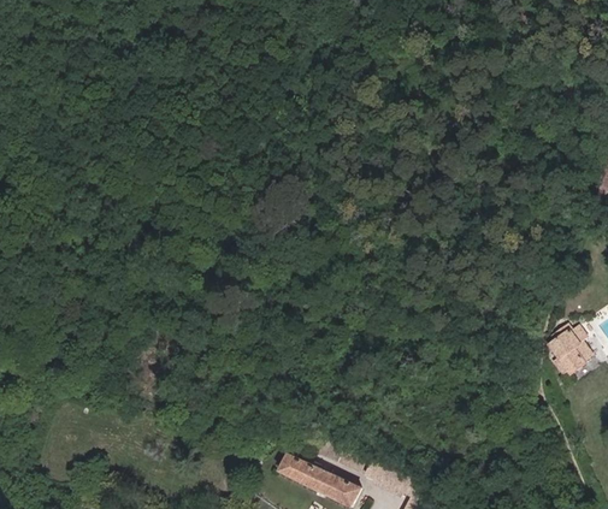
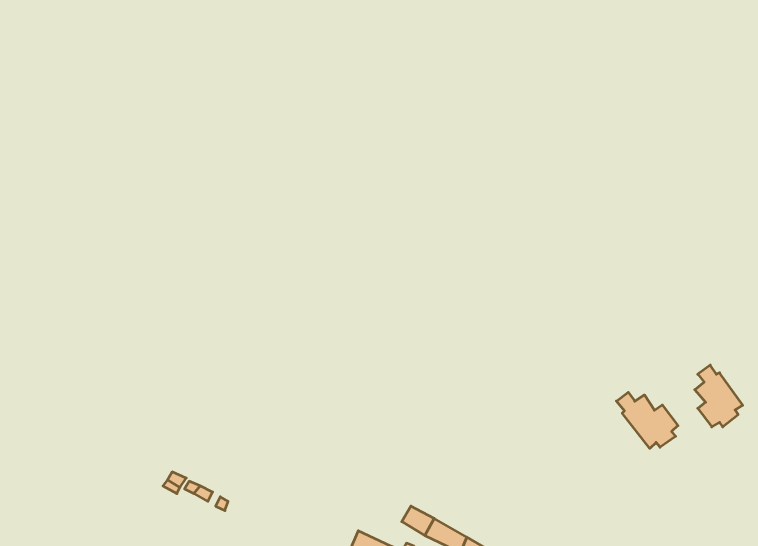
building: none -> [616,392,678,448]

